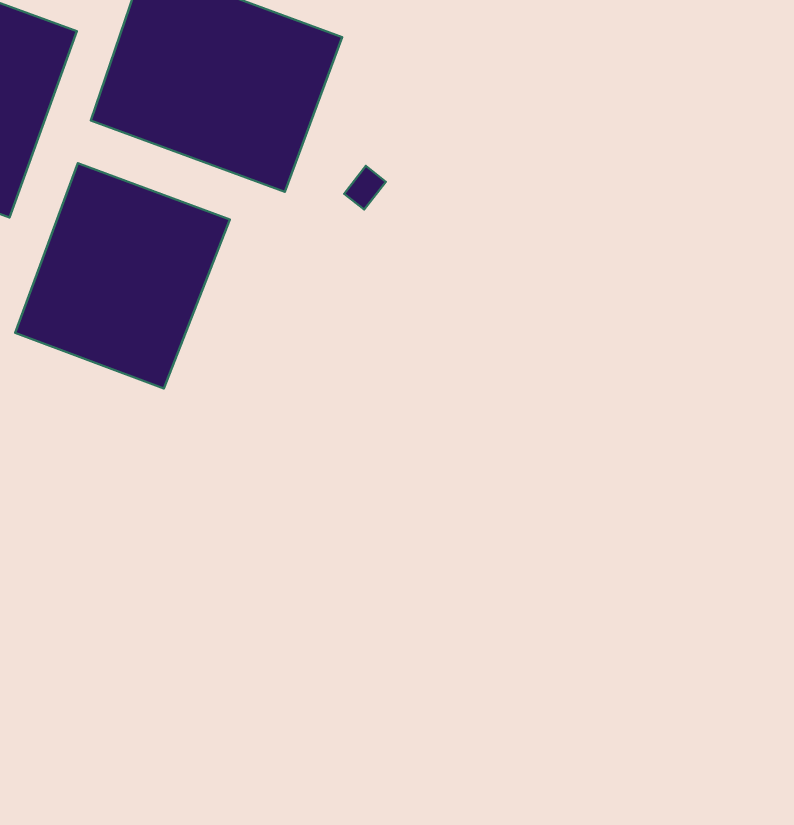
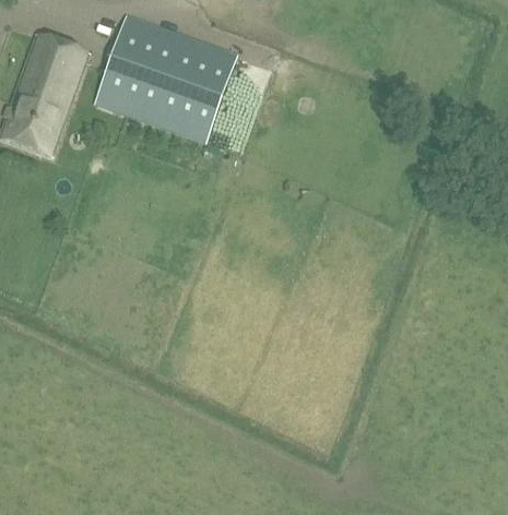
building: [15,163,230,388] -> none

